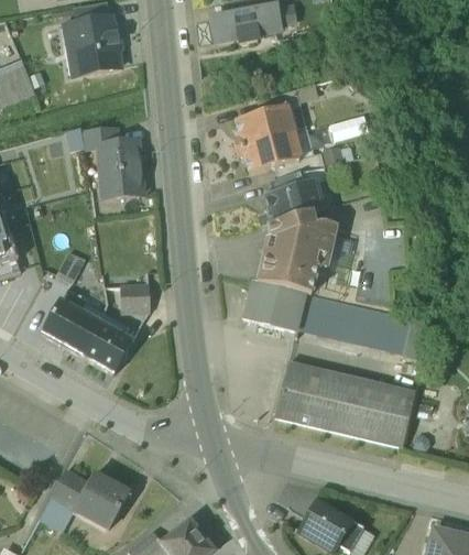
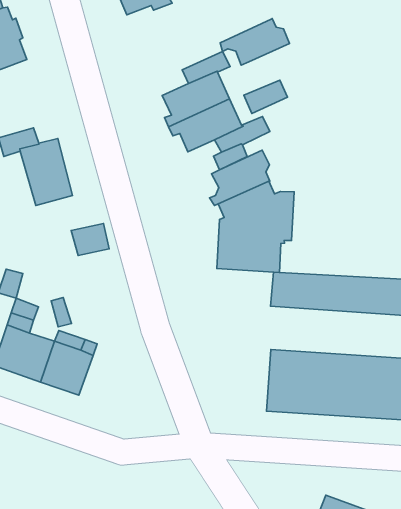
building: none -> [220,18,290,65]
building: [244,282,305,330] -> none
building: [120,286,151,311] -> [71,224,109,255]

